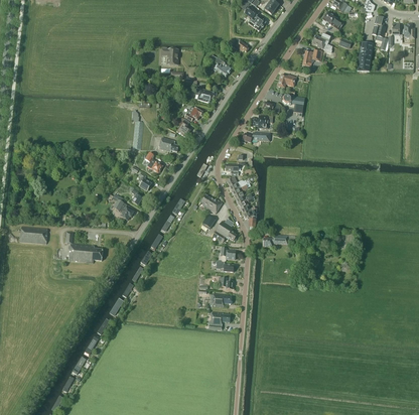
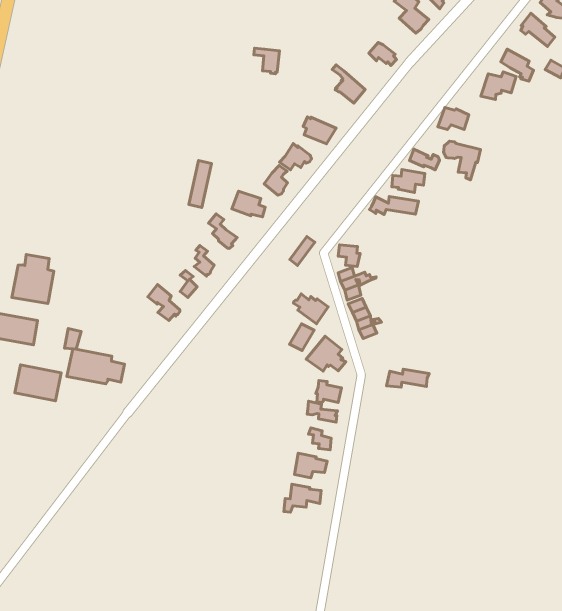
building: none -> [12,255,54,303]
building: none -> [15,365,61,401]

